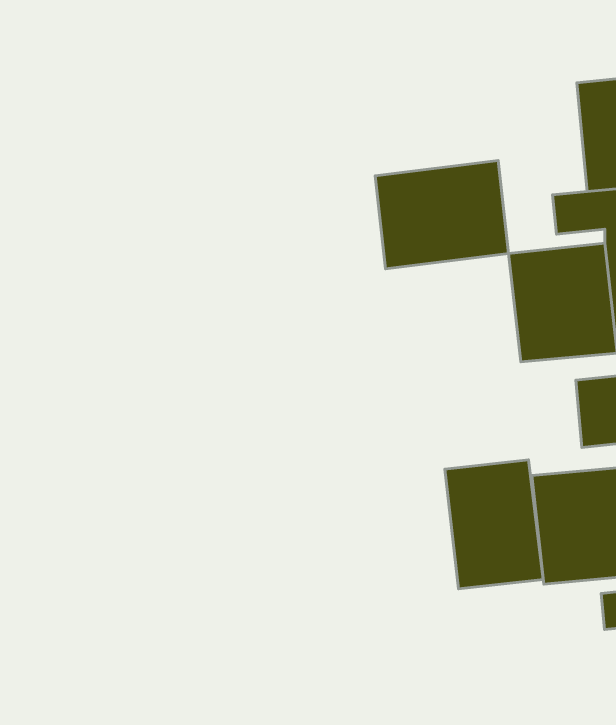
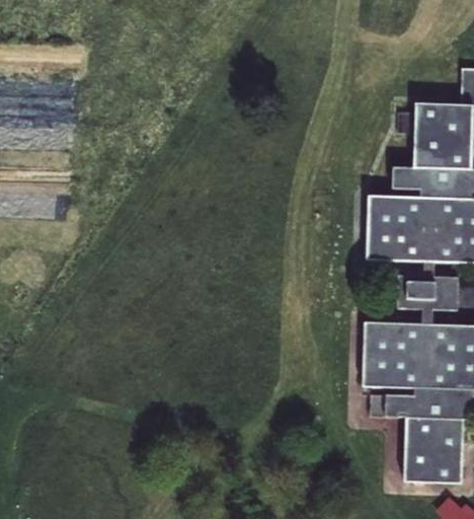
building: [375,161,509,269] -> none
building: [445,460,543,589] -> none

